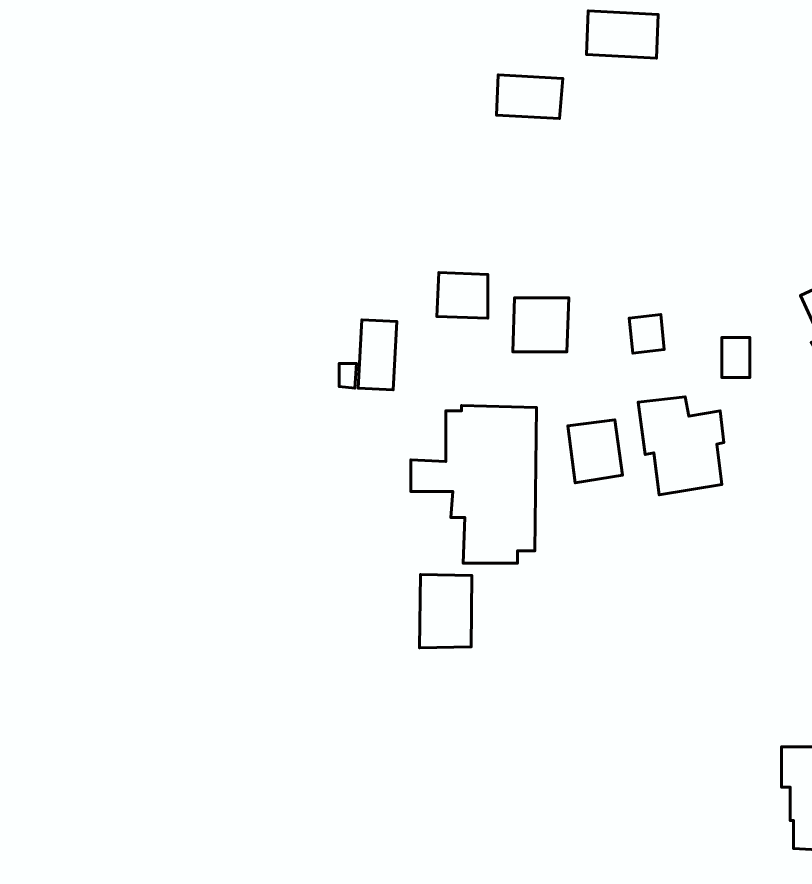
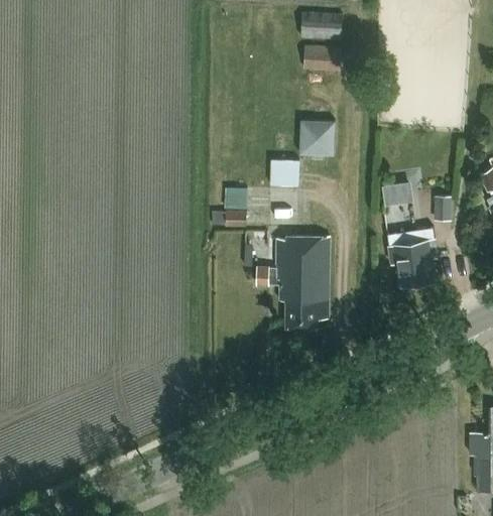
building: [586,11,658,58] -> [302,12,344,39]
building: [513,298,569,352] -> [303,121,336,152]
building: [568,420,622,483] -> none
building: [420,575,472,648] -> none

